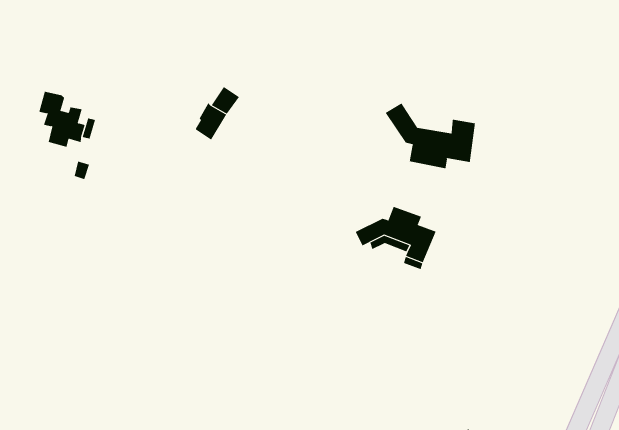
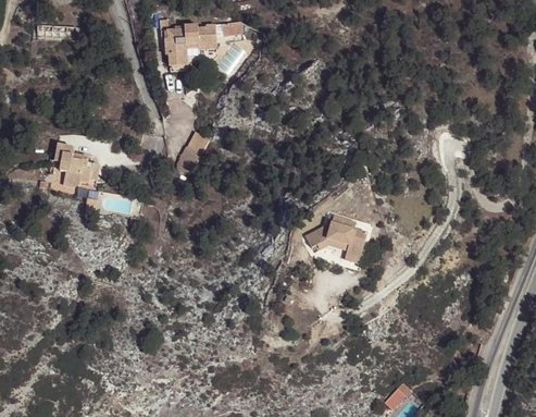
building: [385,103,476,169] -> none

